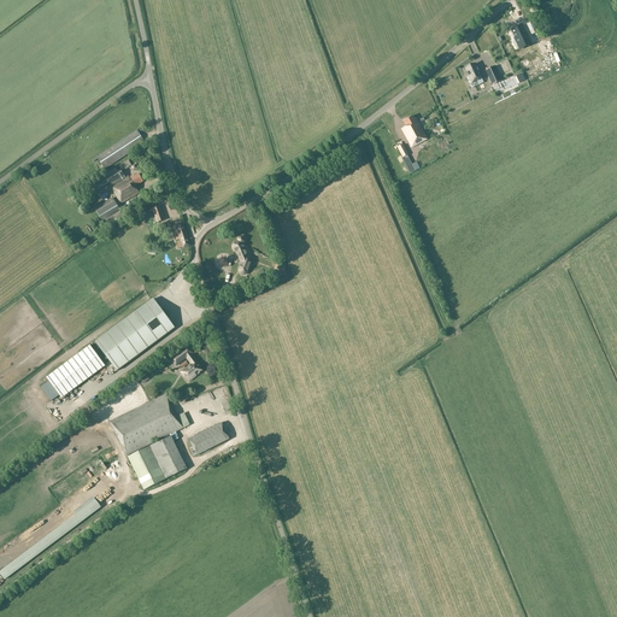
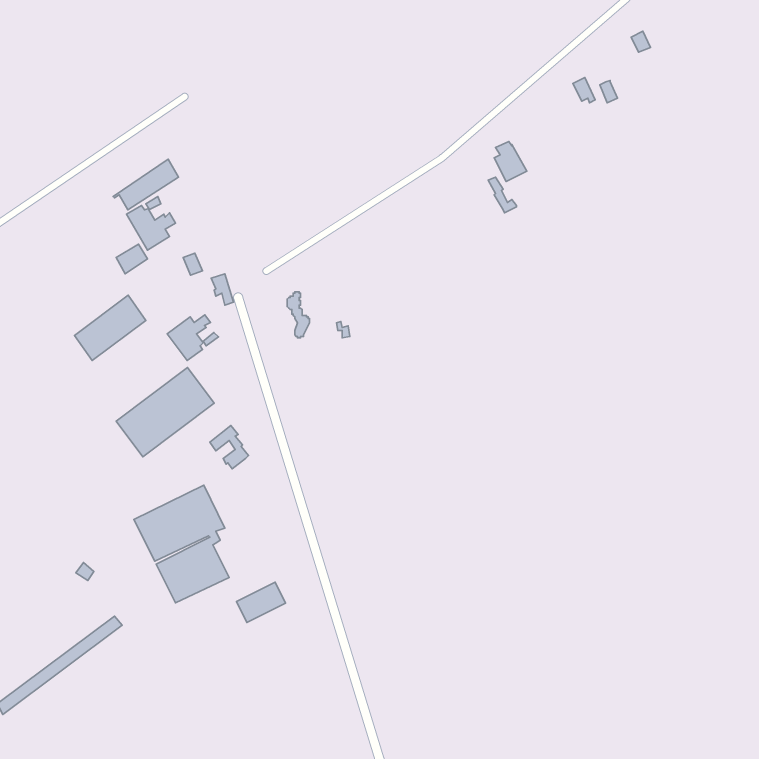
building: none -> [167,315,219,361]
building: [46,345,104,398] -> [74,295,146,361]
building: [188,422,228,454] -> [236,582,286,622]

